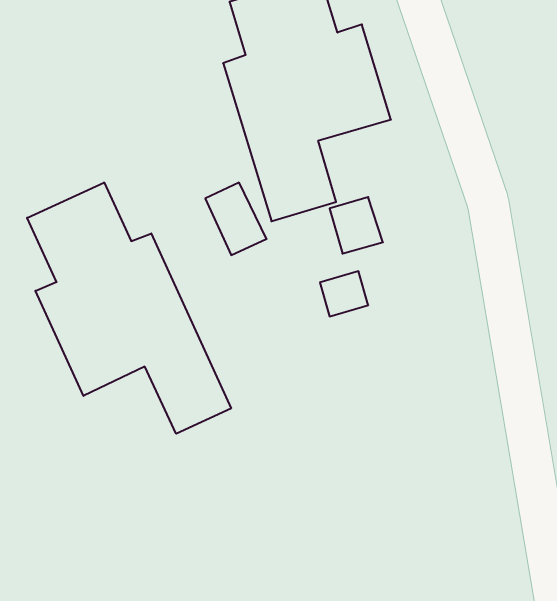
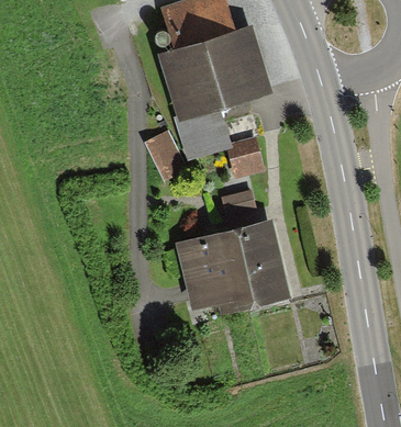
building: [27,182,231,434] -> none
building: none -> [177,222,291,315]

